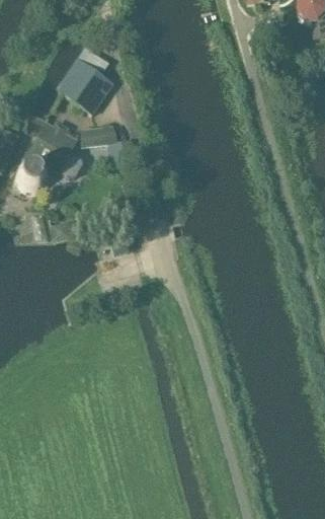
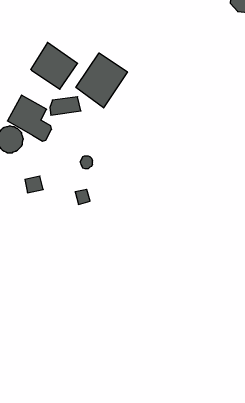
building: none -> [76,53,127,108]

